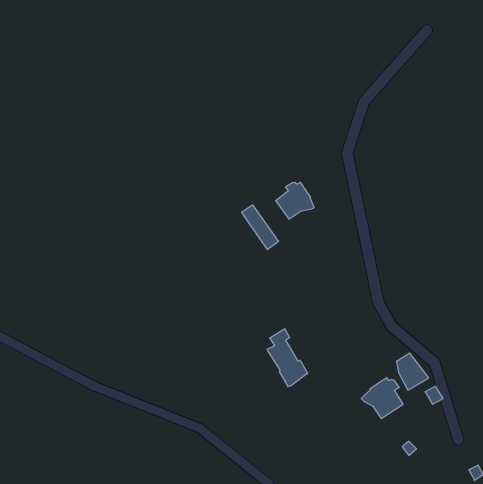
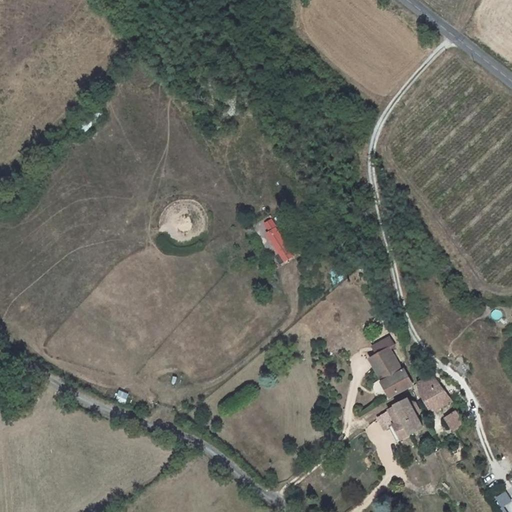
building: [276,182,314,219] -> none
building: [267,329,308,387] -> [369,338,412,399]

